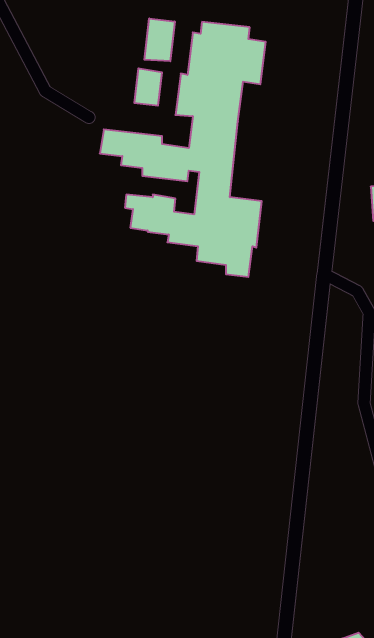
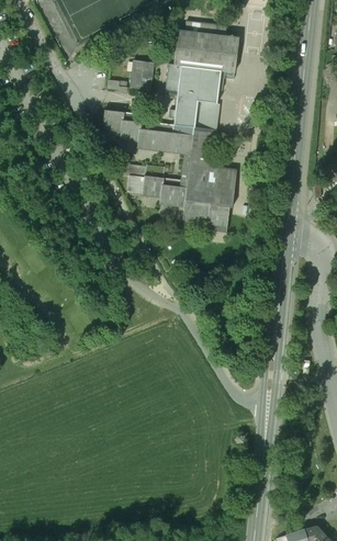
building: [144,18,175,61] -> none

